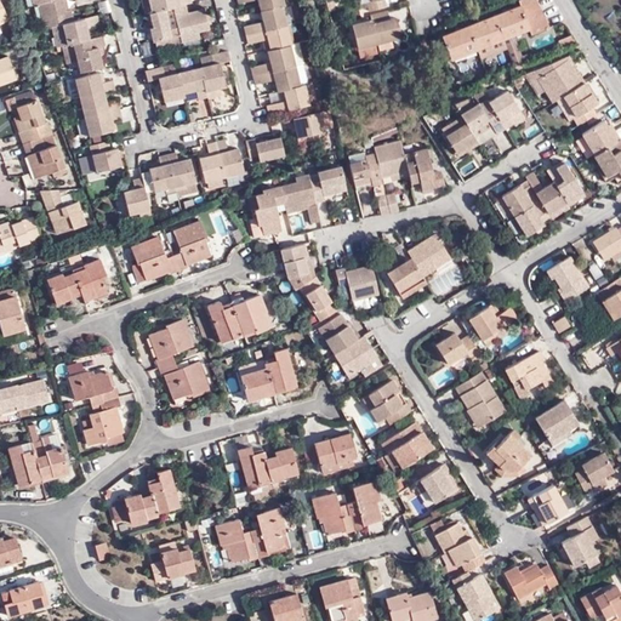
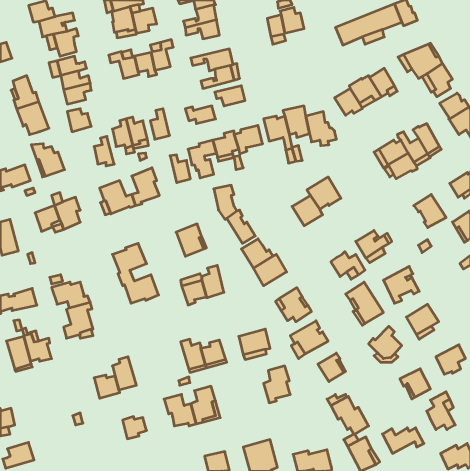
building: [250,44,303,76] -> none
building: [216,142,243,178] -> [170,155,190,183]
building: [336,267,380,302] -> none
building: [209,302,244,342] -> none
building: [313,492,355,535] -> none

